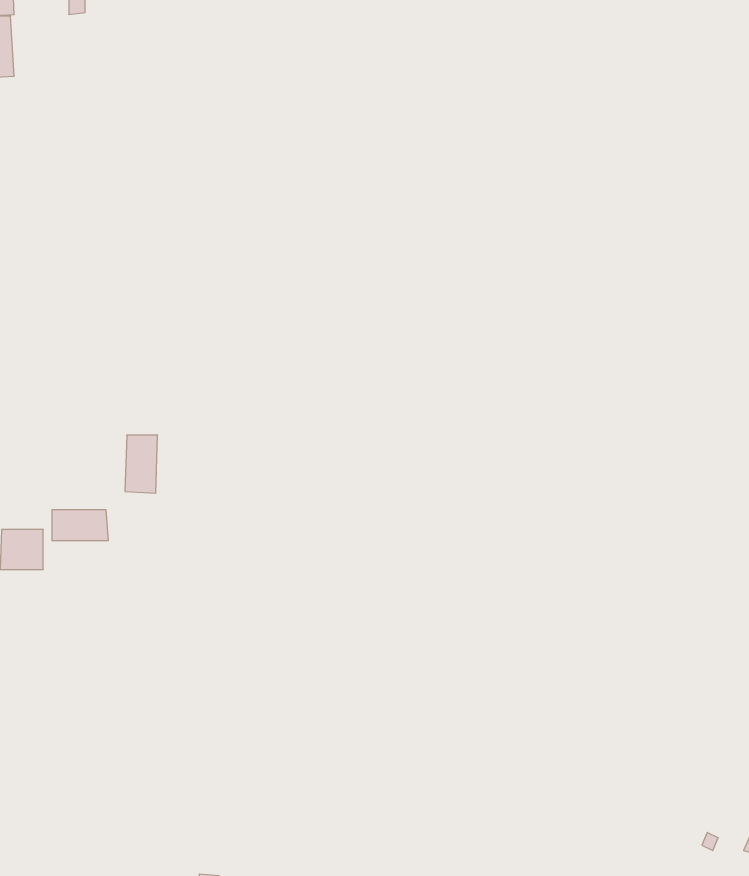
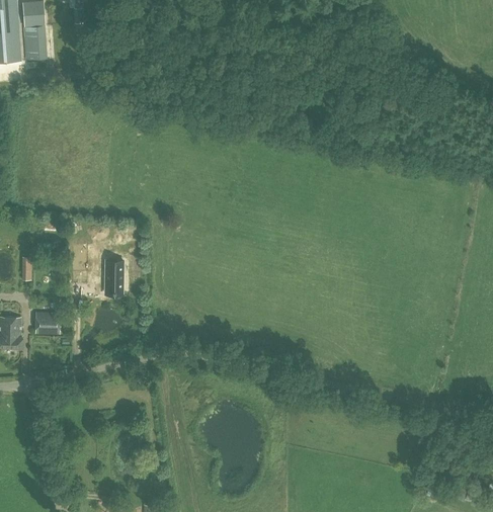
building: [52,510,108,541] -> none

